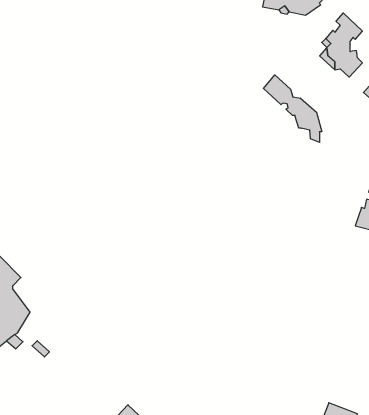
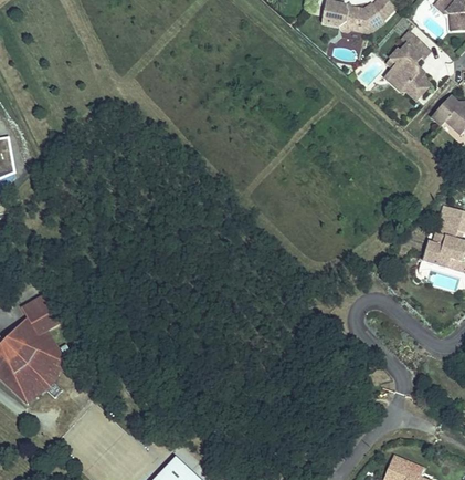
building: [263,75,322,142] -> none

